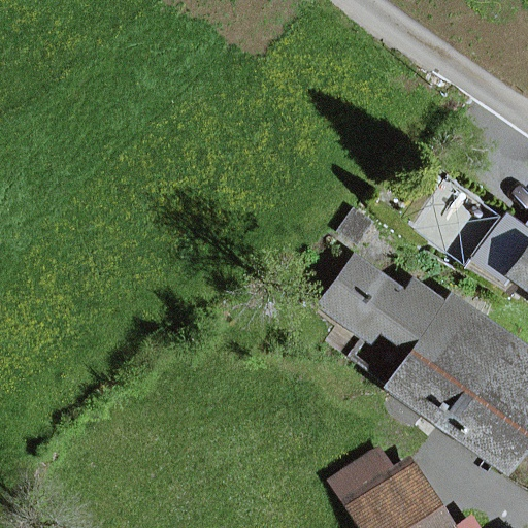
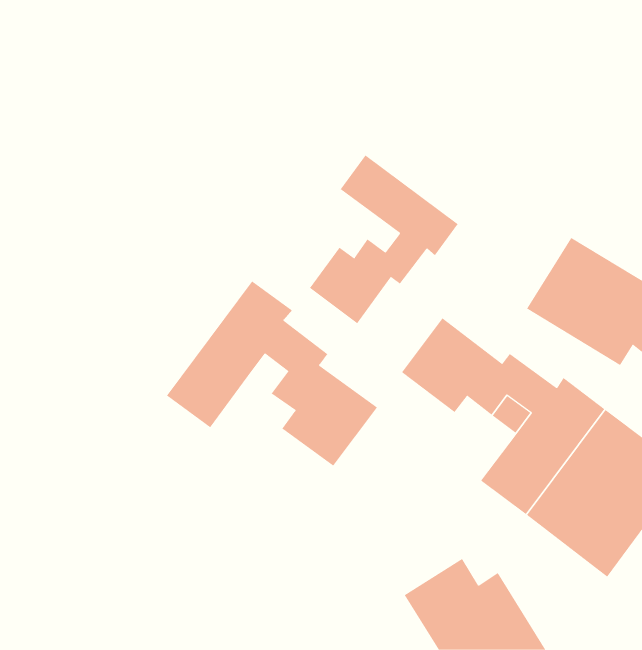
building: none -> [309,155,458,324]
building: none -> [166,281,378,467]

